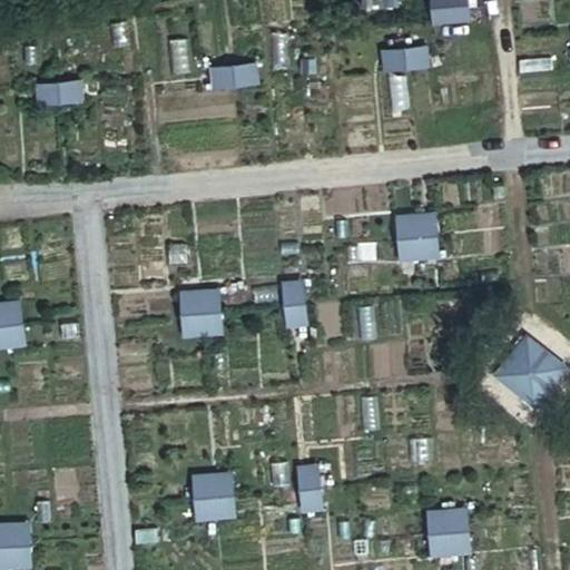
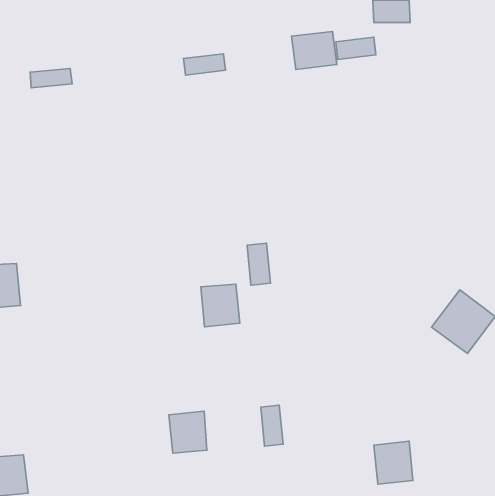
building: none -> [292,31,337,70]
building: [395,214,439,262] -> none
building: [177,289,222,338] -> [201,284,240,327]

